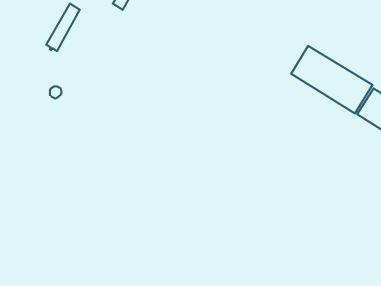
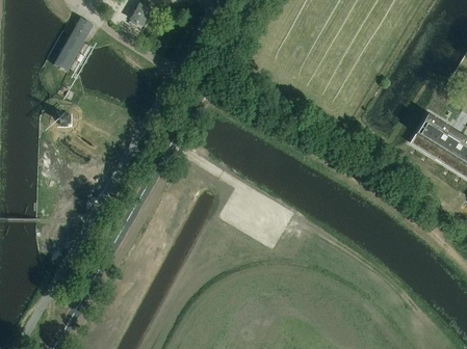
building: [291,46,373,114] -> none

